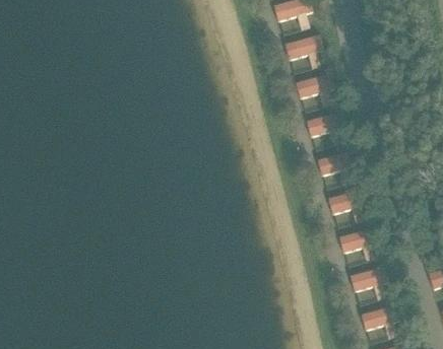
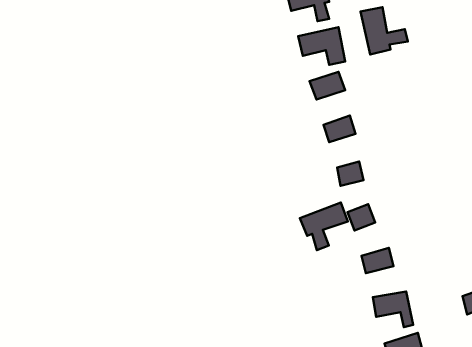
building: none -> [361,7,408,54]
building: none -> [300,202,348,250]

